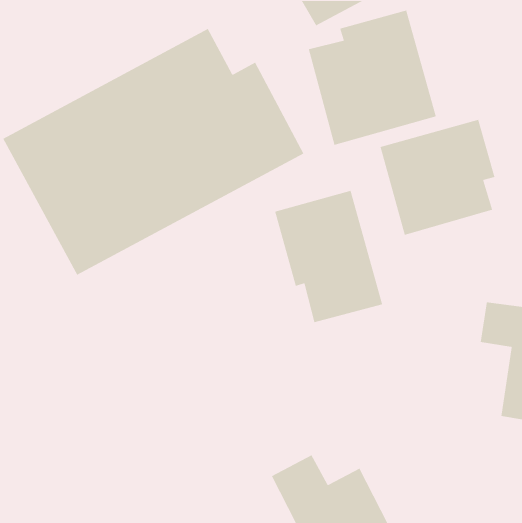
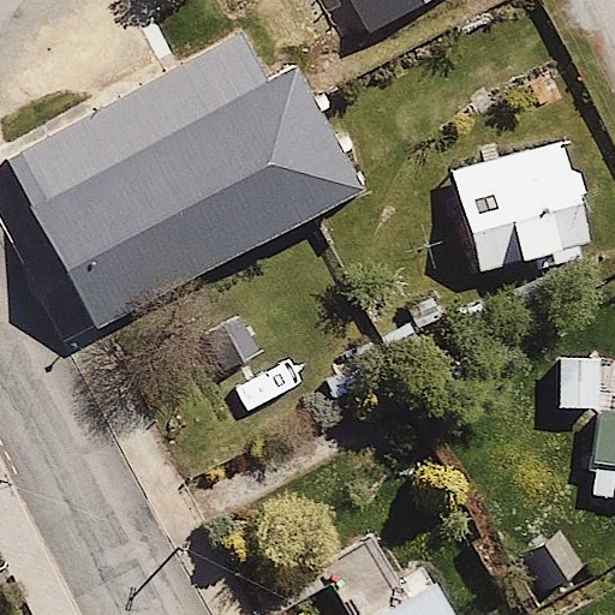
building: [308,9,437,146] -> none
building: [274,190,383,323] -> none

